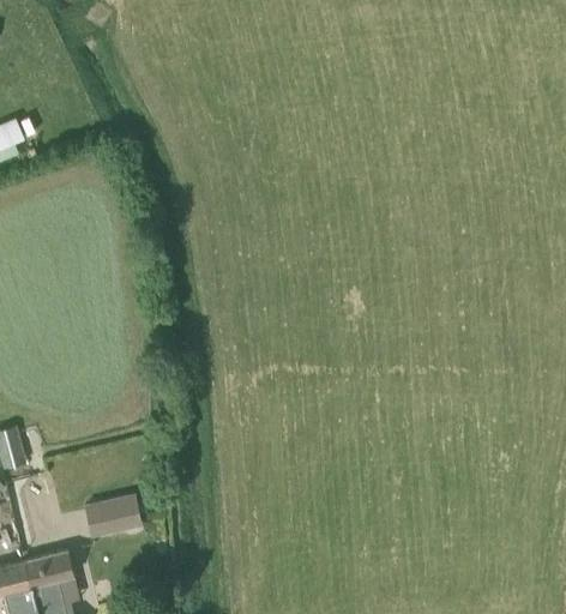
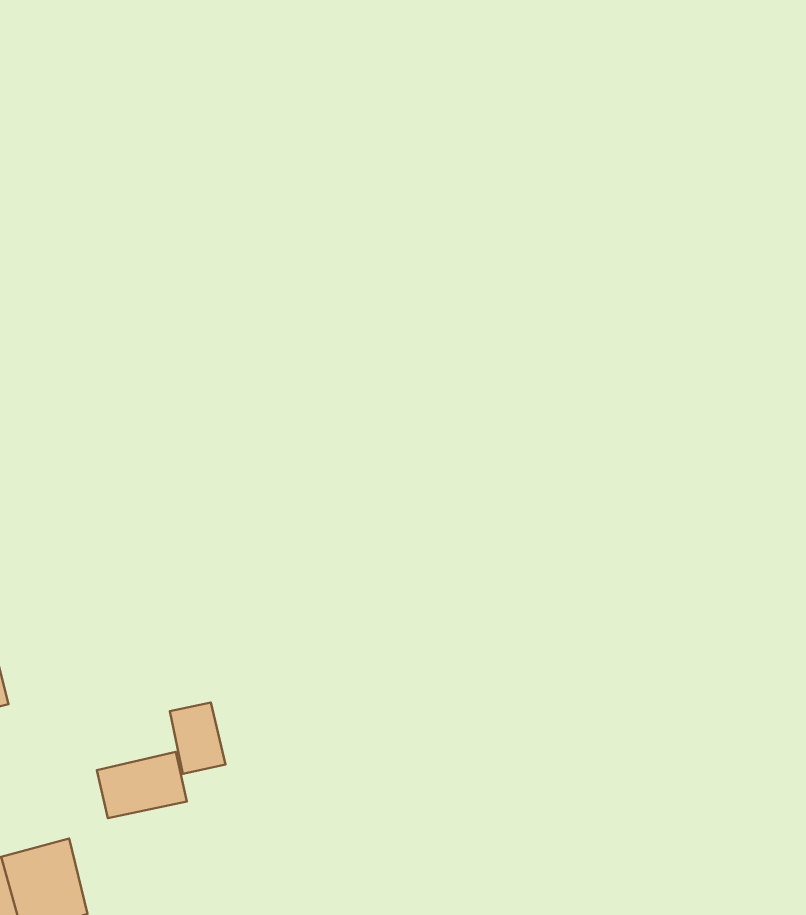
building: none -> [170,702,226,774]

